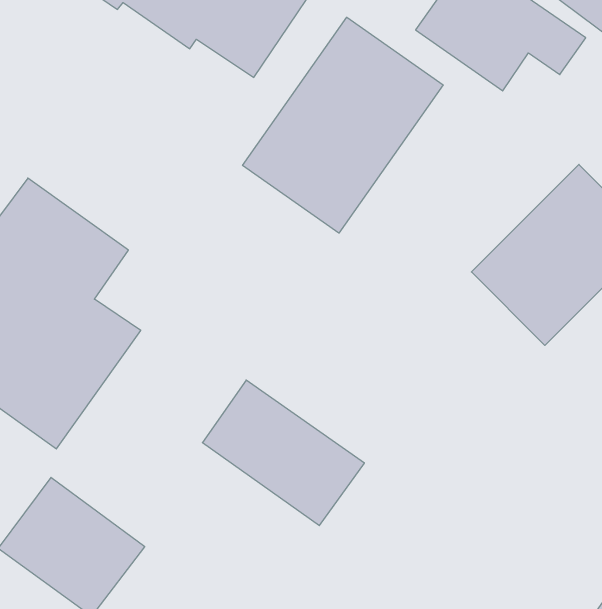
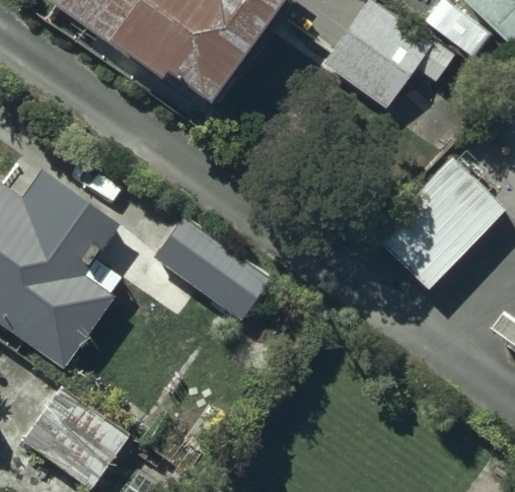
building: [243,17,443,233] -> none
building: [202,380,364,526] -> [149,218,270,327]

